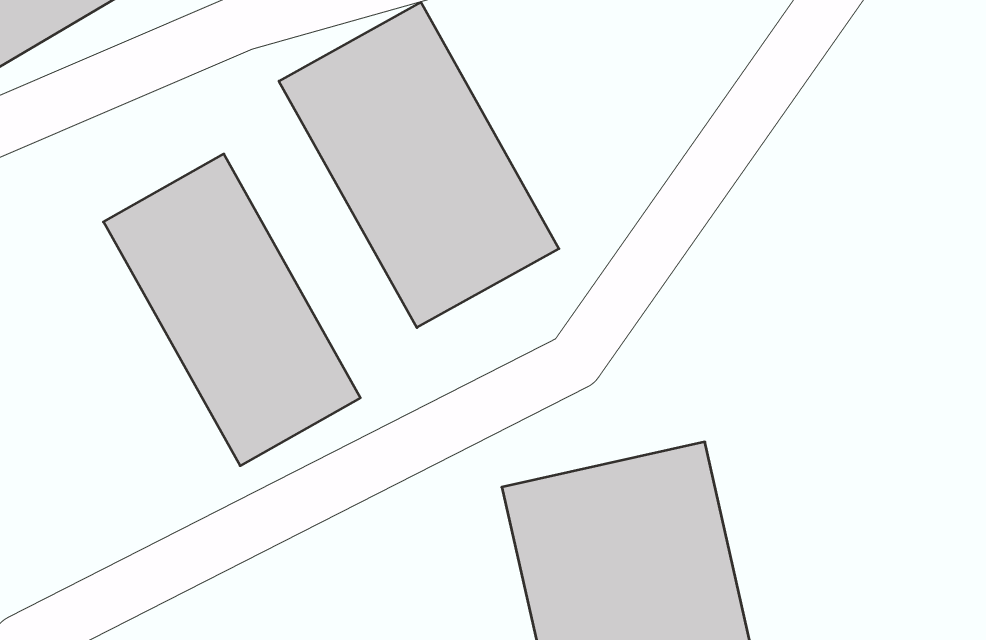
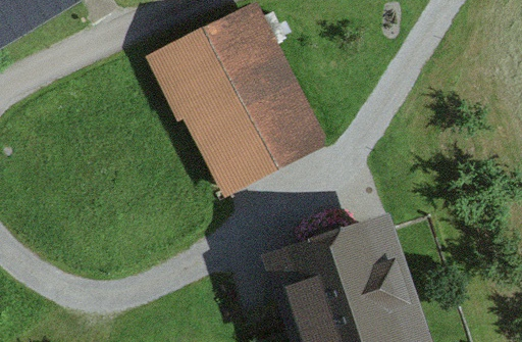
building: [103,154,360,466] -> none

